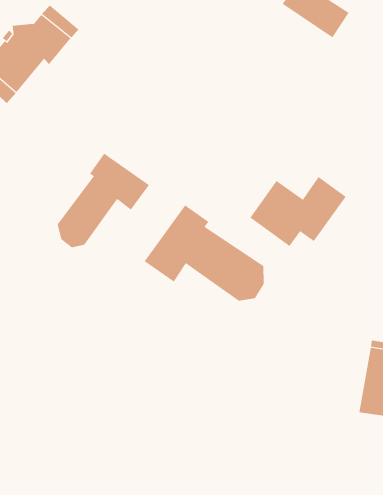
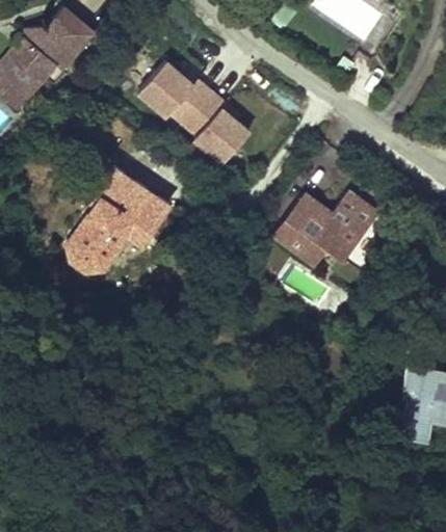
building: none -> [136,58,256,162]
building: [144,204,264,301] -> none

